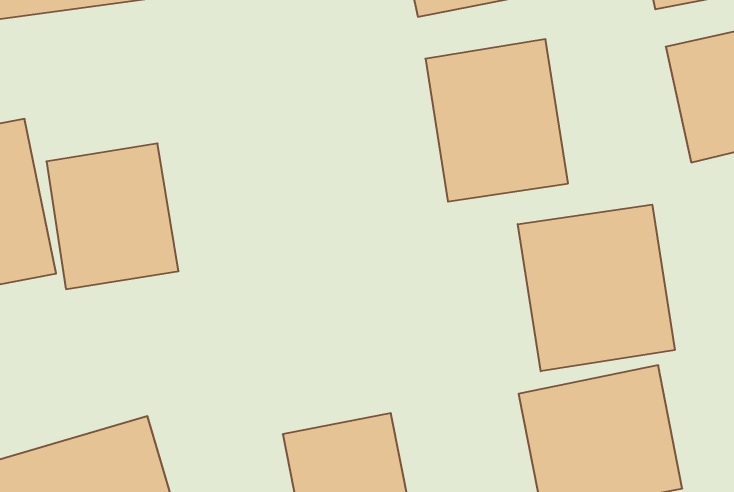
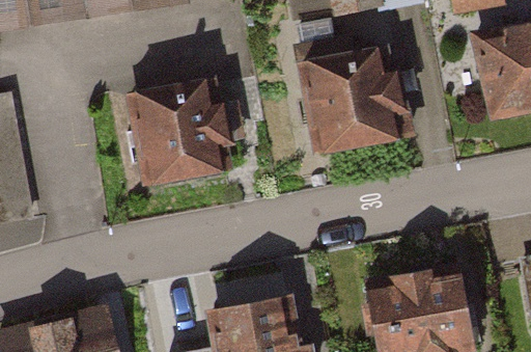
building: [46,143,179,289] -> [128,85,219,186]
building: [518,205,675,371] -> none

